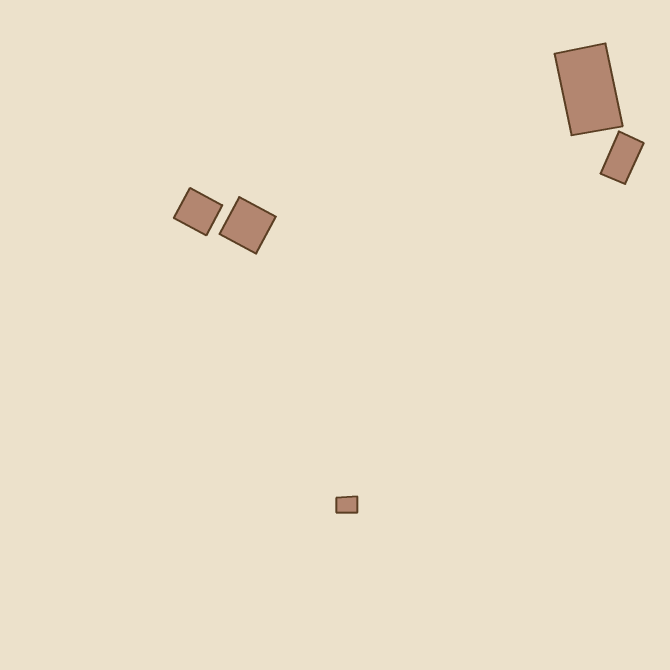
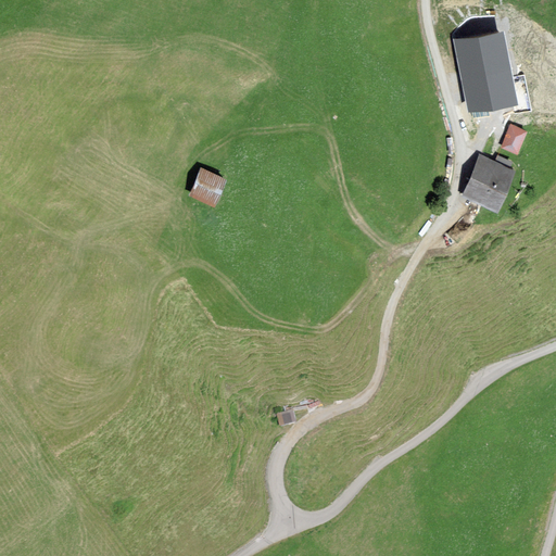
building: none -> [462,151,514,212]
building: [174,188,222,235] -> none

